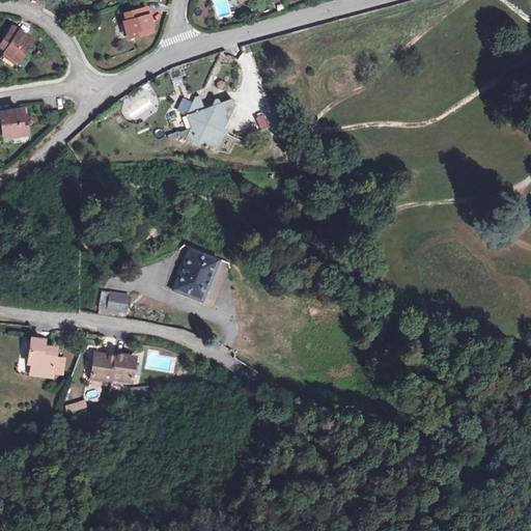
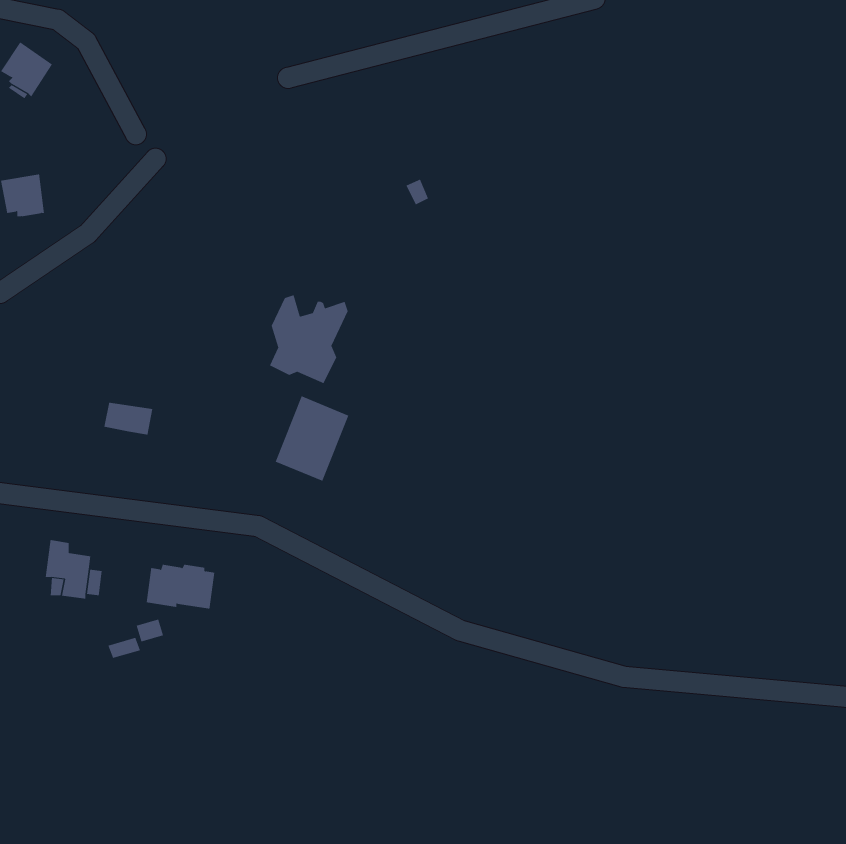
building: [124,7,153,38] -> none
building: [185,94,234,150] -> [269,294,349,384]
building: [99,291,130,312] -> [104,402,153,435]

